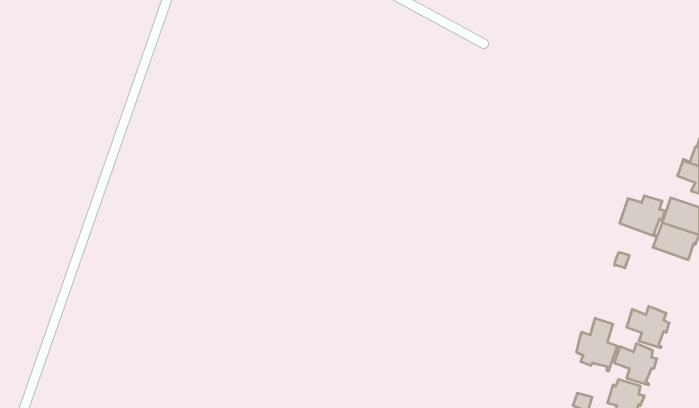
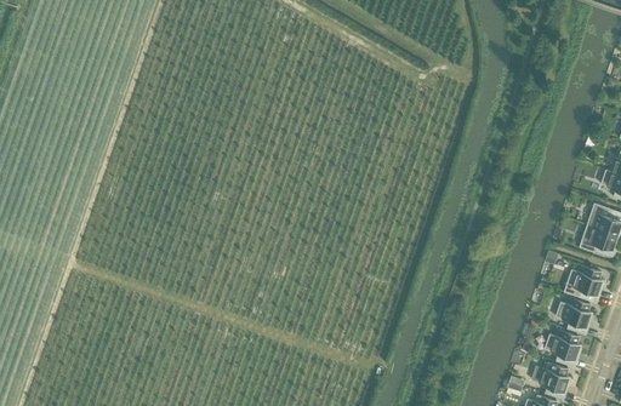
building: [620,196,665,237] -> [563,268,603,304]
building: [577,318,617,371] -> none

